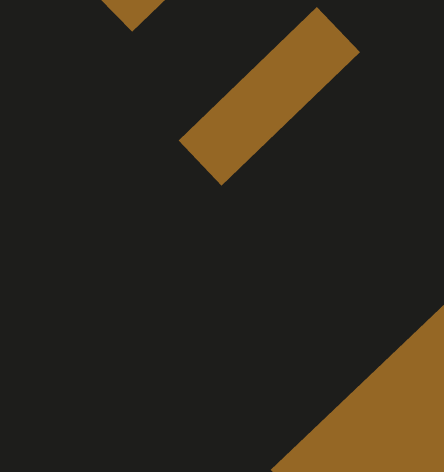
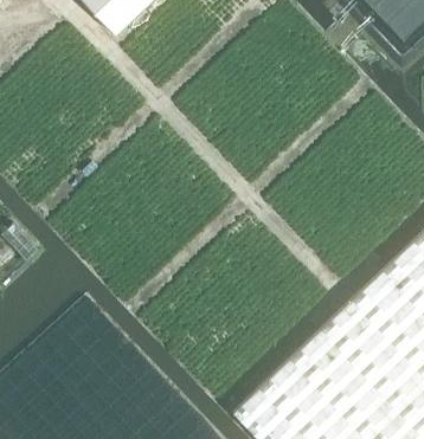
building: [178,6,361,186] -> none

